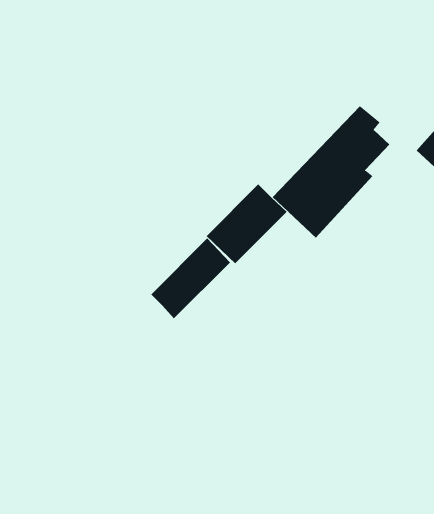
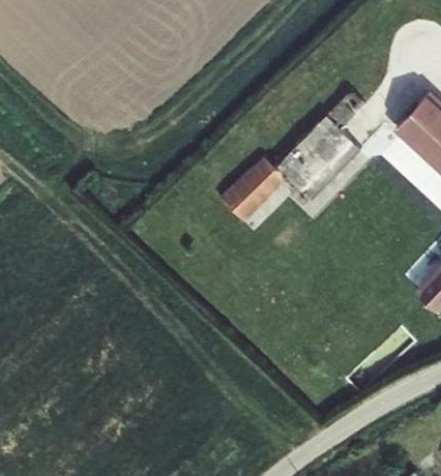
building: [150,238,231,319] -> none

